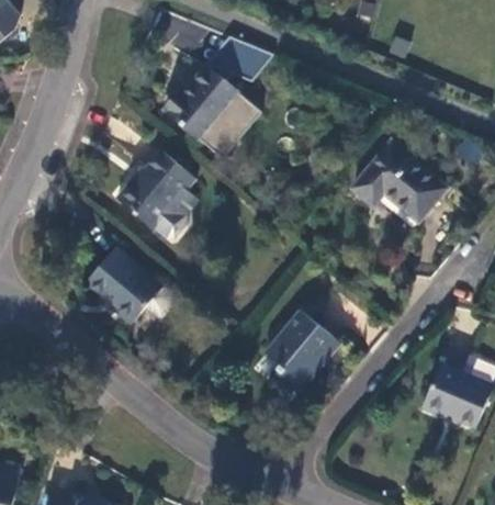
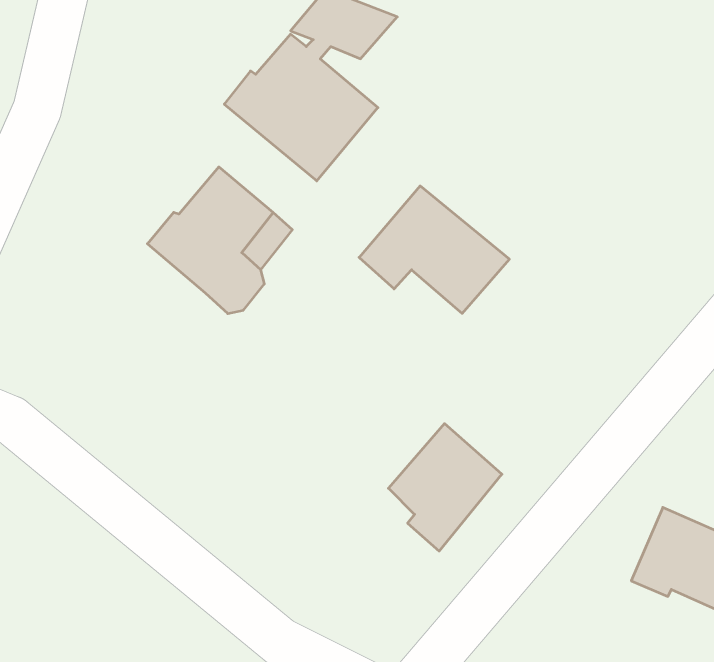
building: [351,142,446,222] -> [359,186,509,313]
building: [87,248,161,326] -> none

